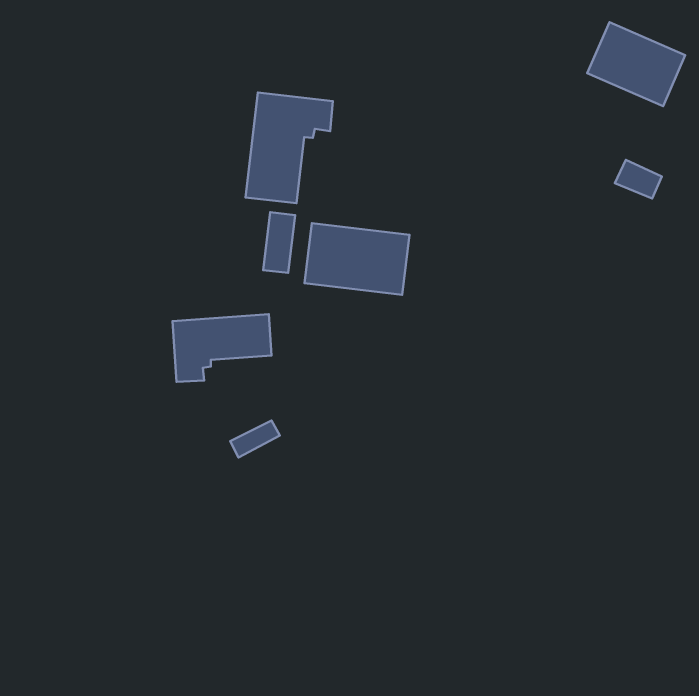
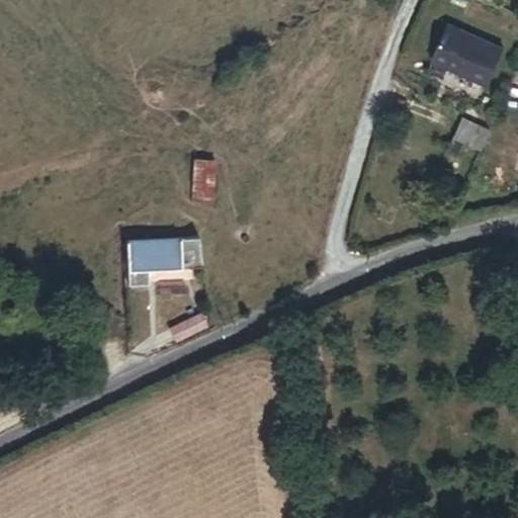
building: [245,92,333,203] -> none
building: [305,223,410,295] -> none

